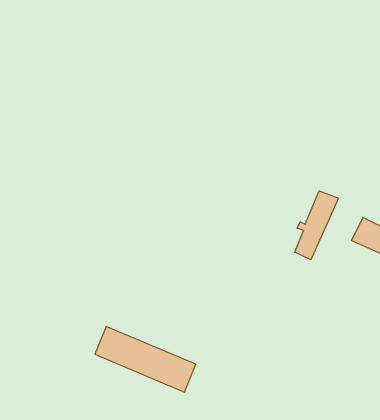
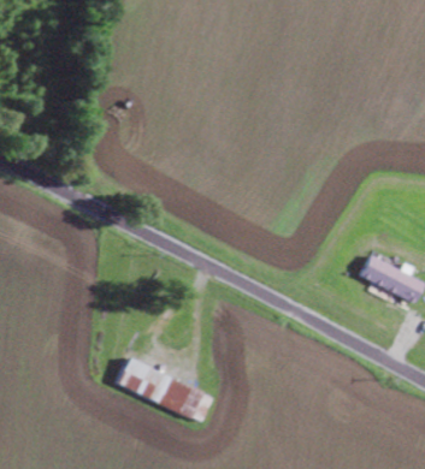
building: [295,191,339,260] -> none

